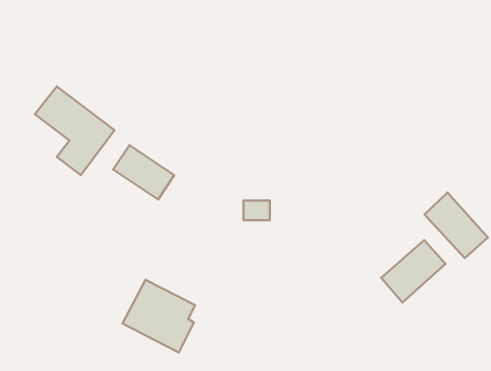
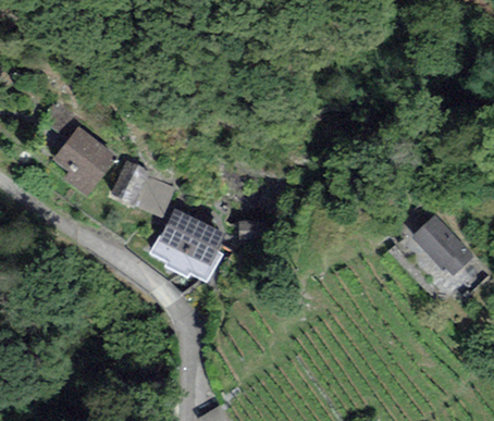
building: [381,240,445,302] -> none
building: [123,280,195,352] -> [151,207,220,275]

